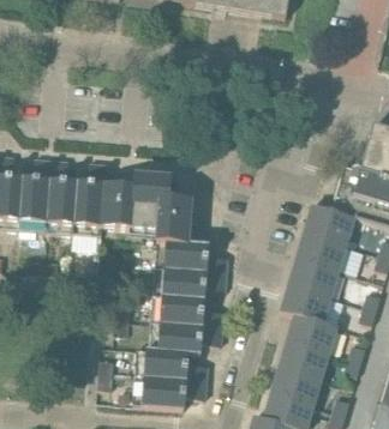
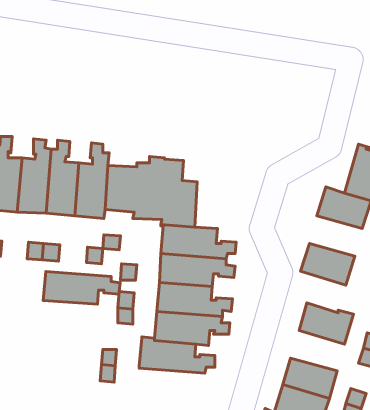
building: [298,229,348,267] -> none
building: [282,282,333,321] -> none
building: [280,338,331,376] -> none
building: [133,374,207,405] -> [43,271,120,304]

